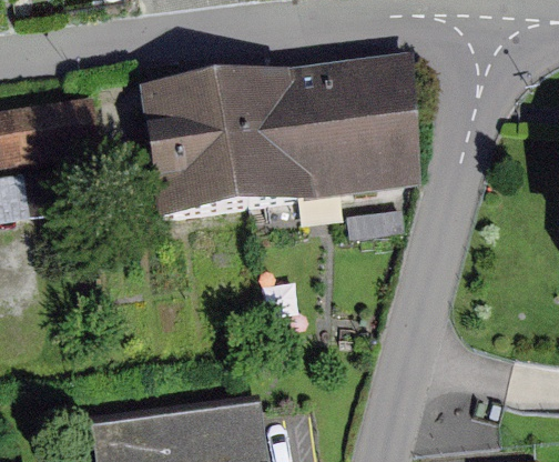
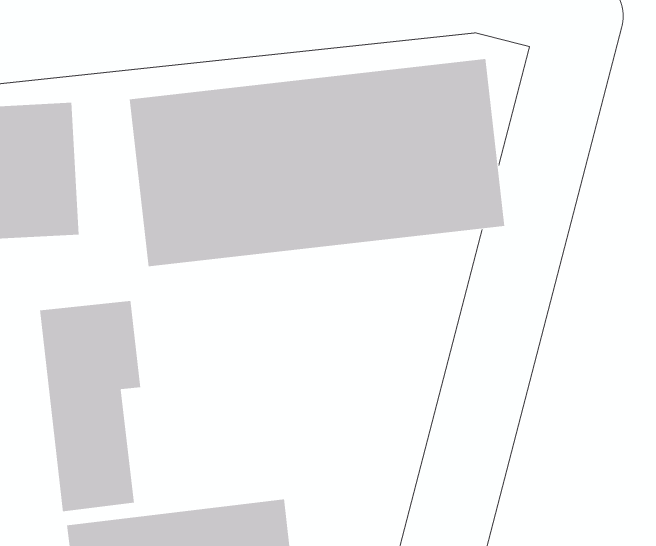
building: none -> [40,300,141,512]

